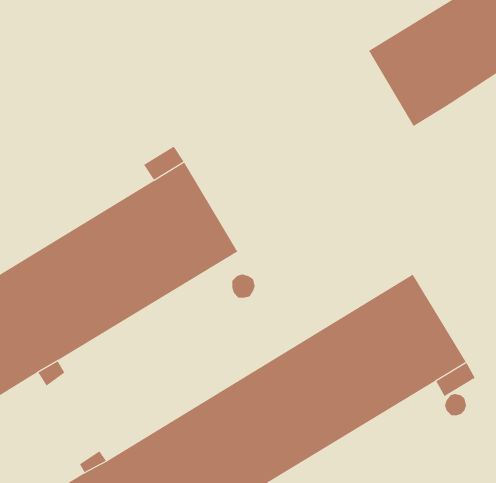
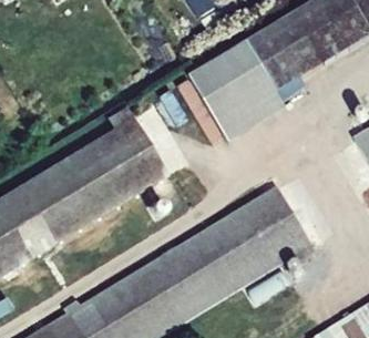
building: none -> [189,43,306,141]

